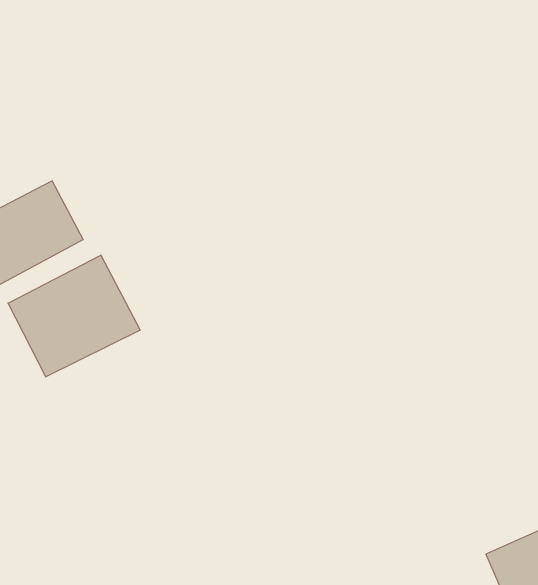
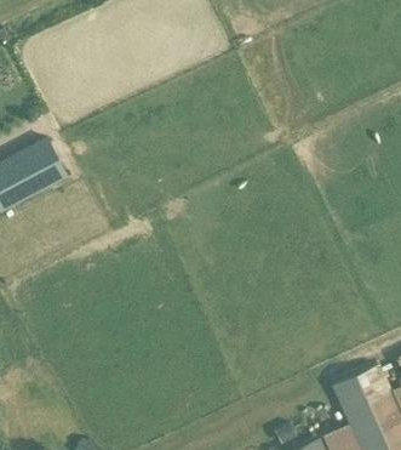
building: [8,255,140,377] -> none

